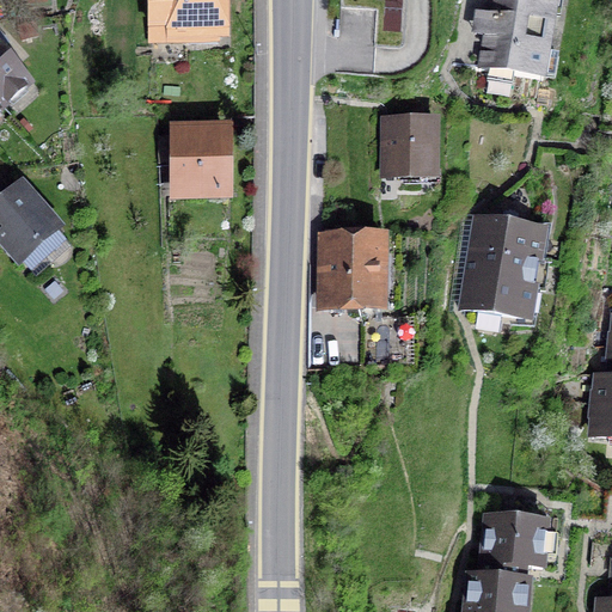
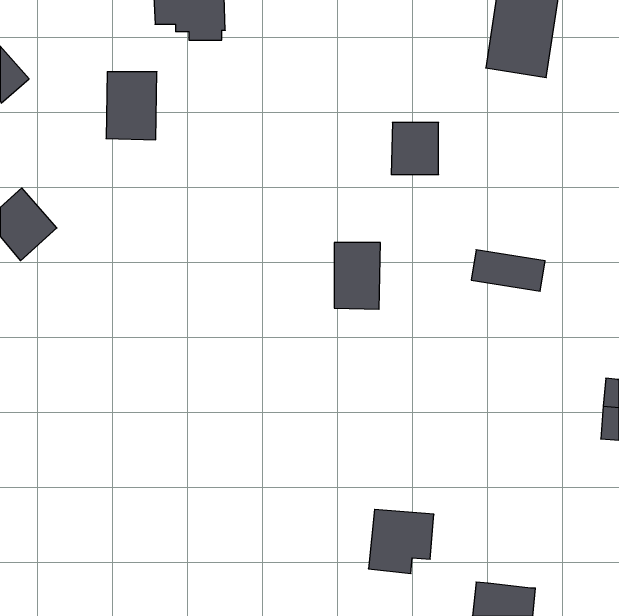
building: [171,121,221,188] -> [106,72,157,140]
building: [470,218,543,257] -> none
building: [460,276,533,316] -> none
building: [482,516,546,580] -> [368,509,434,574]

